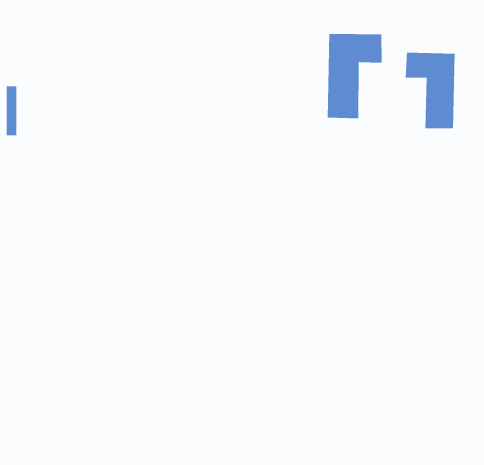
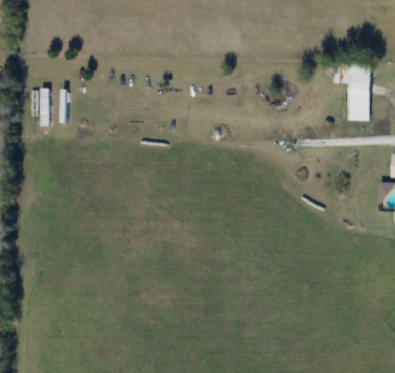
building: [327,33,383,119] -> none

